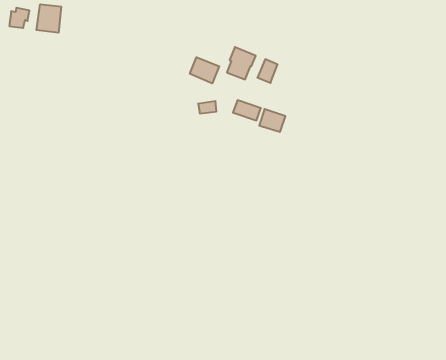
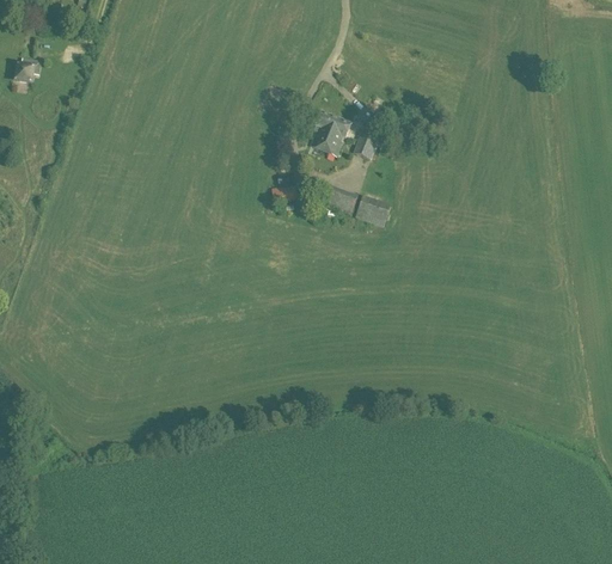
building: [36,4,61,33] -> none
building: [190,57,219,83] -> none

